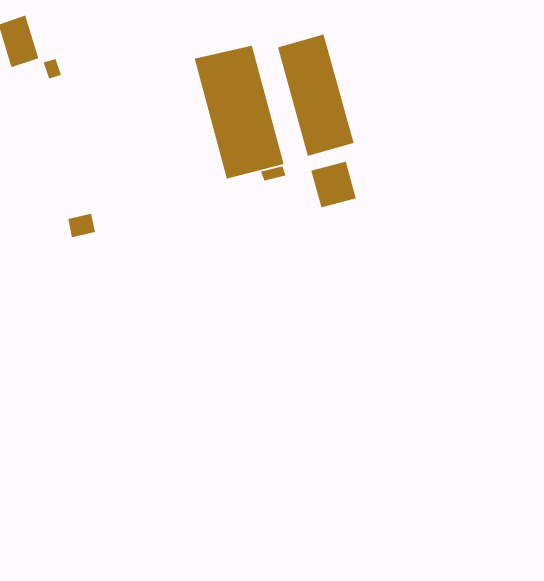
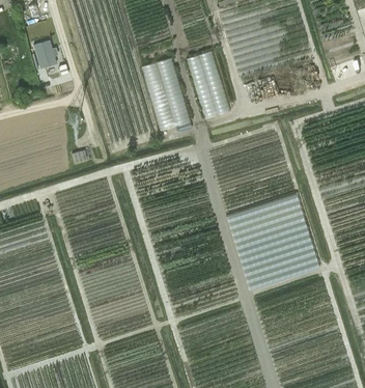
building: [311,161,357,208] -> none

